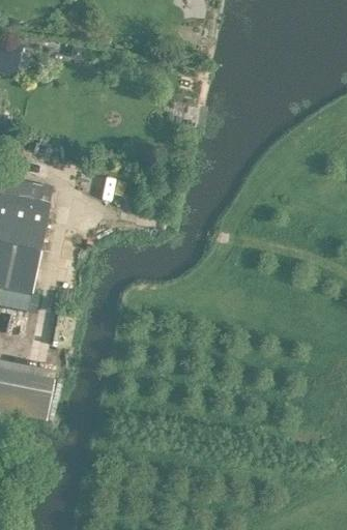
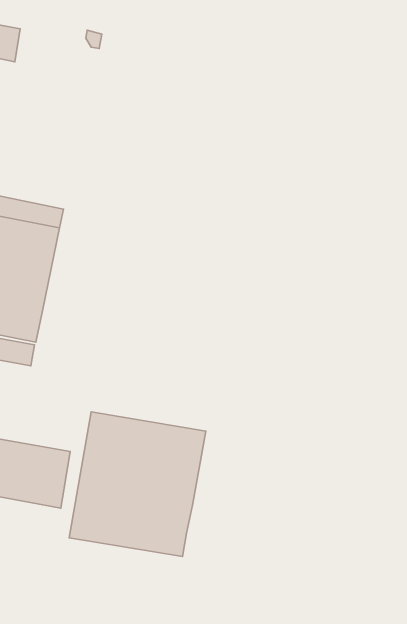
building: none -> [69,412,206,557]

